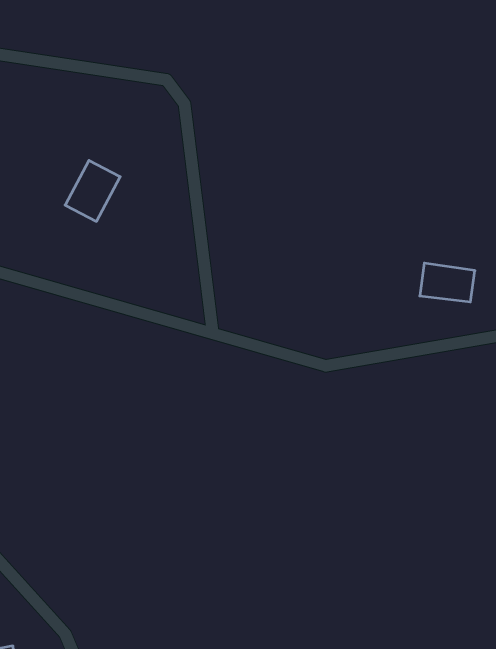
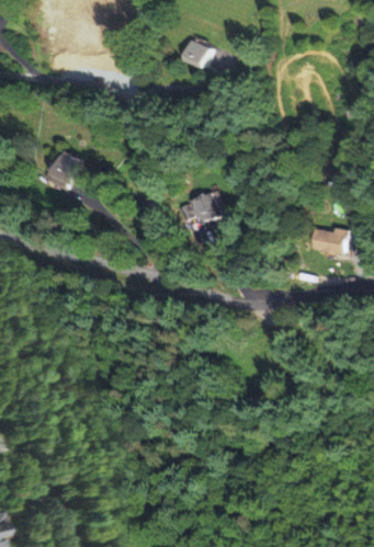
building: none -> [182,38,215,70]
building: none -> [185,192,218,226]

